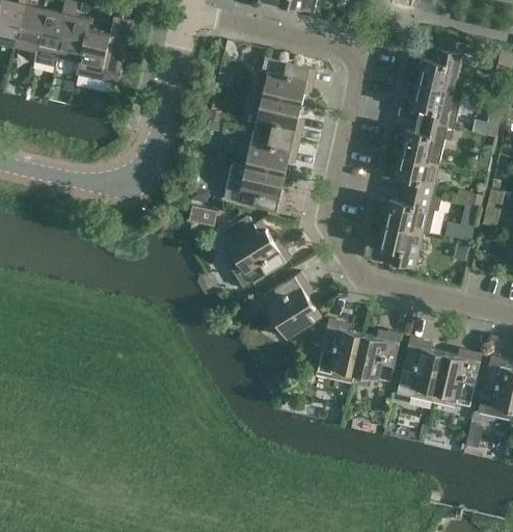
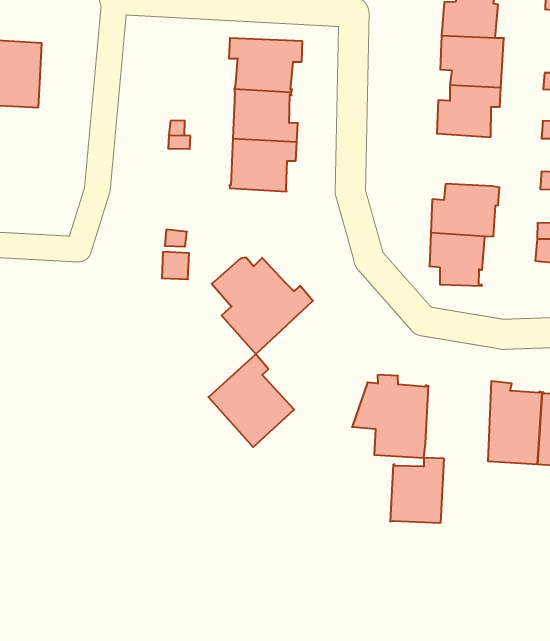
building: [395,152,439,196] -> none
building: [237,165,286,212] -> none
building: [261,271,321,338] -> [208,354,294,447]
building: [354,331,401,380] -> [390,458,444,523]

